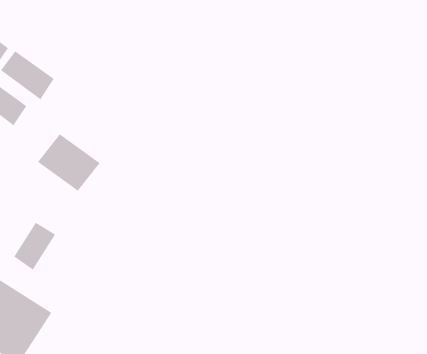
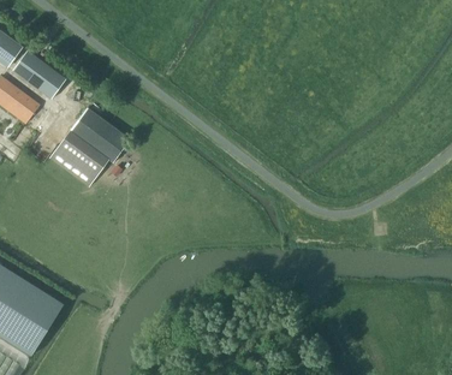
building: none -> [71,108,132,163]
building: [13,222,56,271] -> none

